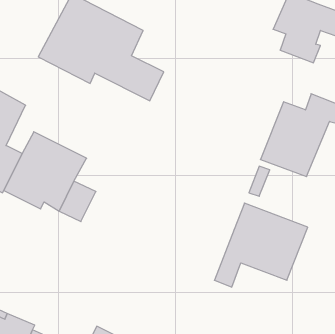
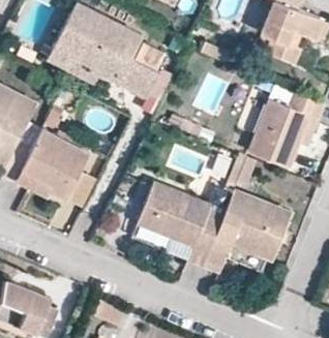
building: none -> [138,182,223,267]

